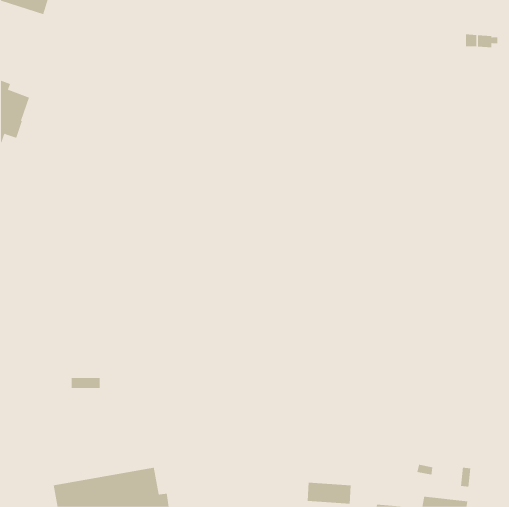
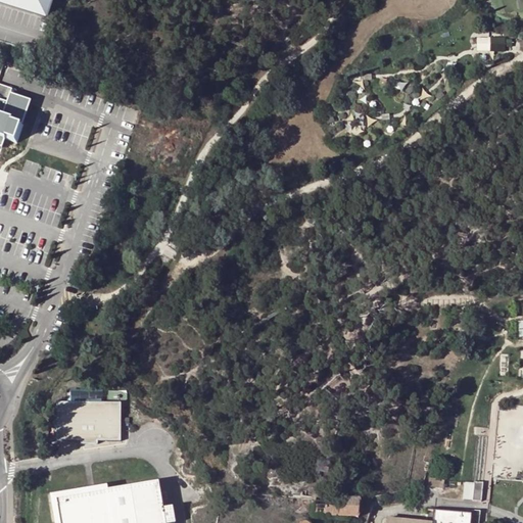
building: none -> [56,400,121,442]

